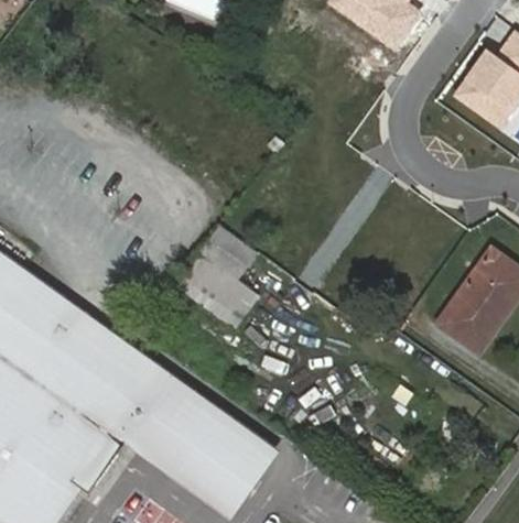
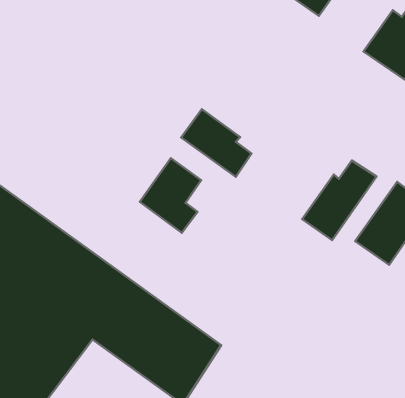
building: none -> [181,109,251,177]
building: none -> [302,161,377,240]

